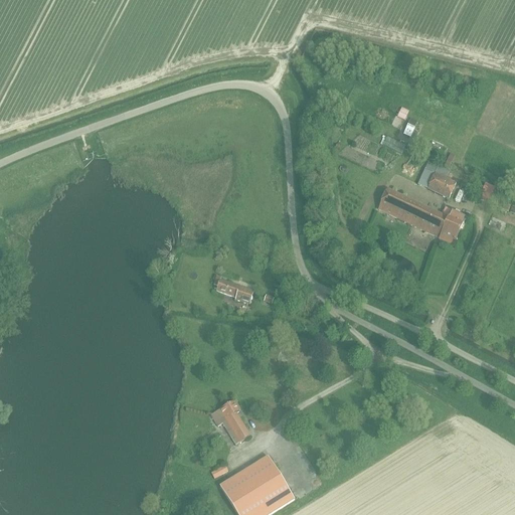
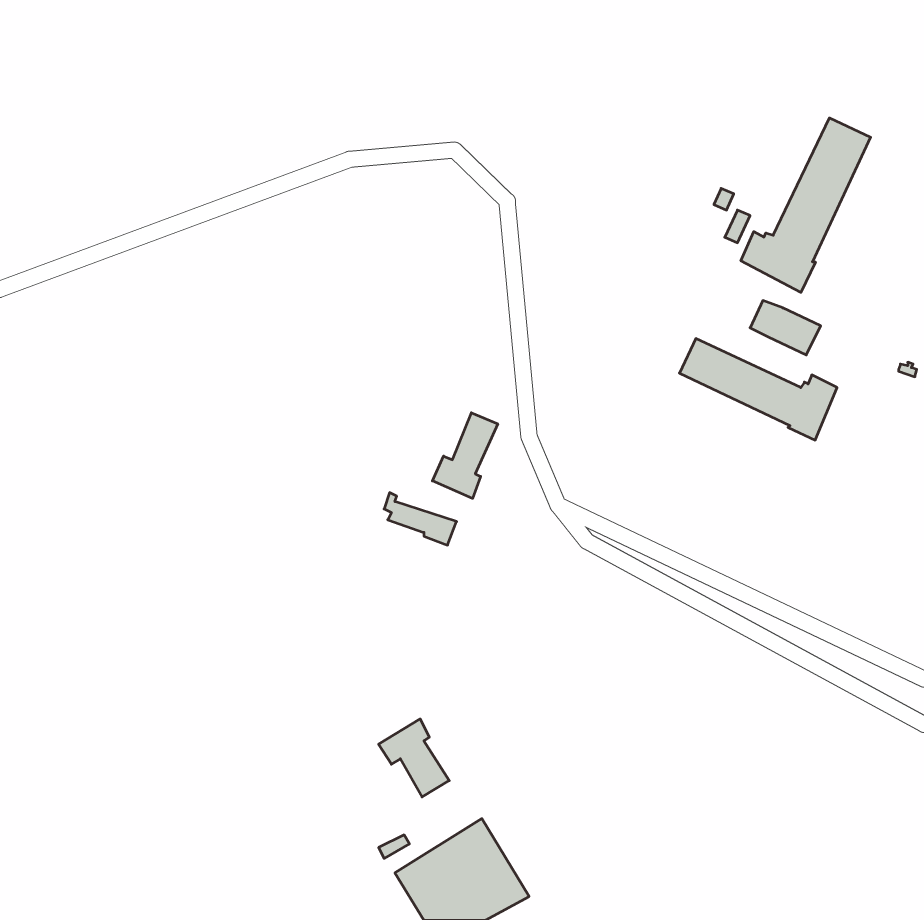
building: none -> [741,118,871,292]
building: none -> [432,413,498,498]

